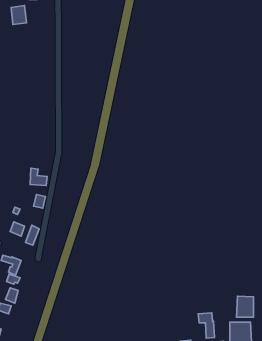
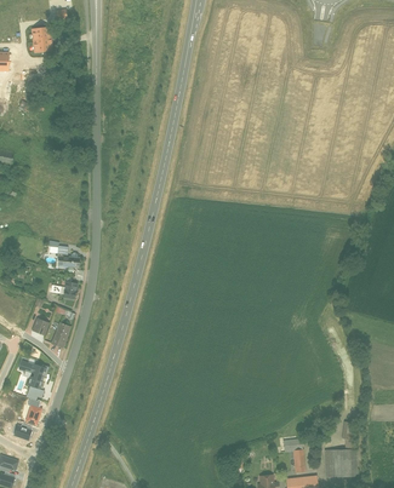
building: [237,296,254,317] -> none

